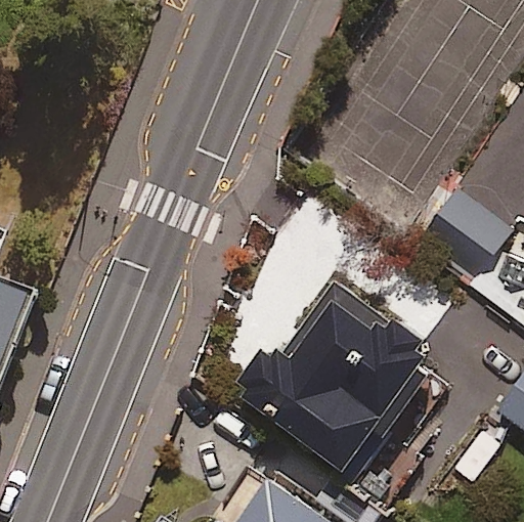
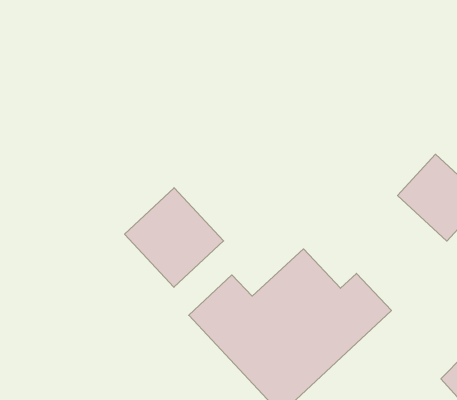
building: none -> [125,188,224,287]

